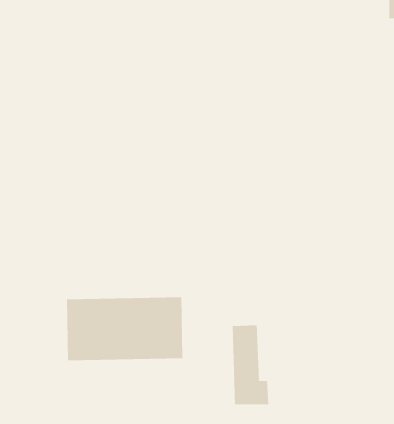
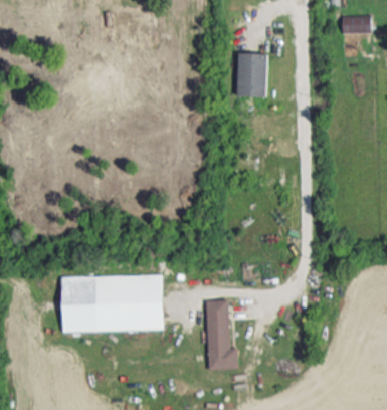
building: none -> [237,53,267,96]

